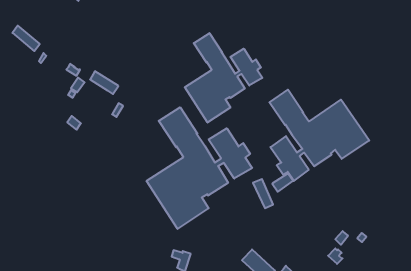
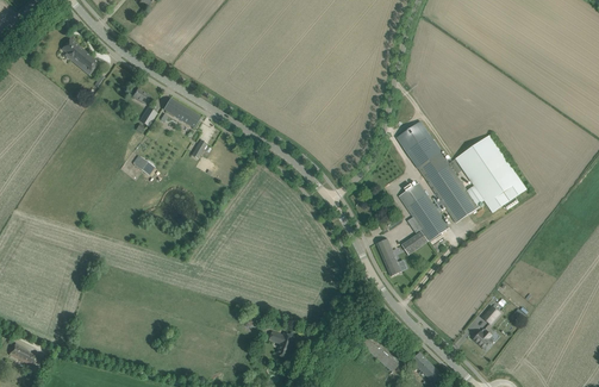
building: [185,33,262,123] -> none
building: [147,107,252,229] -> none

